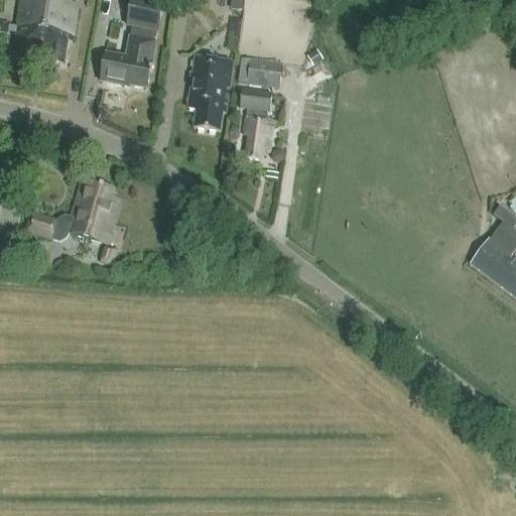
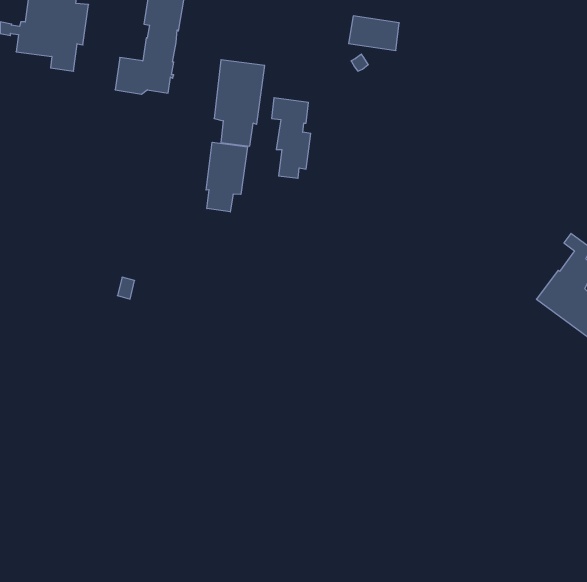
building: [239,55,283,86] -> [349,16,399,50]
building: none -> [206,142,248,212]
building: [28,178,121,241] -> none

